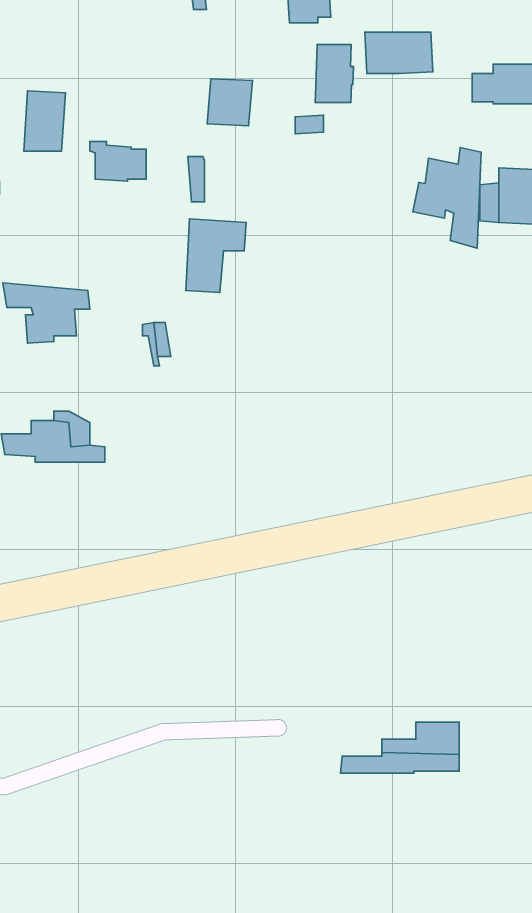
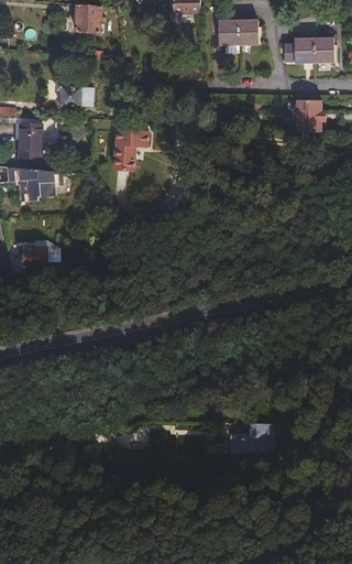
building: [315,44,354,103] -> none
building: [207,79,252,126] -> [76,6,102,33]
building: [24,91,65,151] -> [18,122,42,158]
building: [413,147,481,248] -> none

